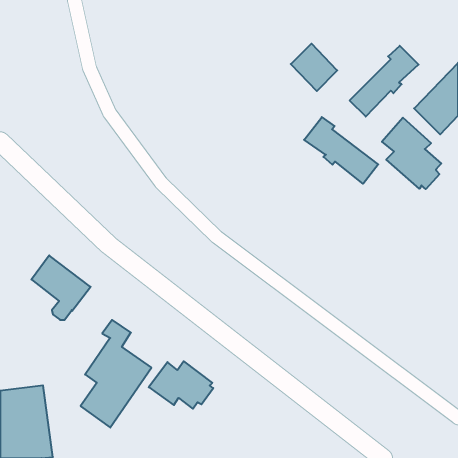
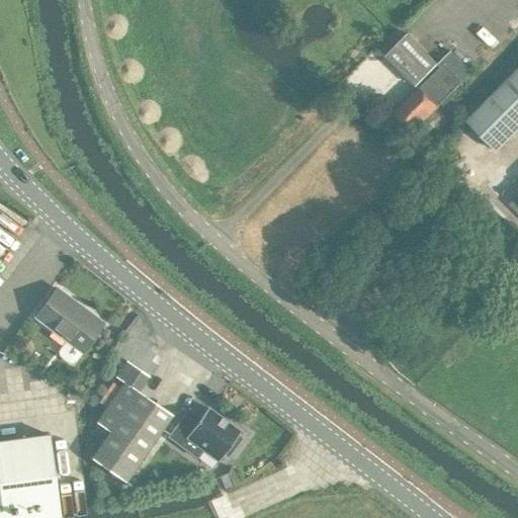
building: [291,44,337,91] -> [385,32,438,86]
building: [304,117,378,184] -> none
building: [382,118,441,189] -> none

